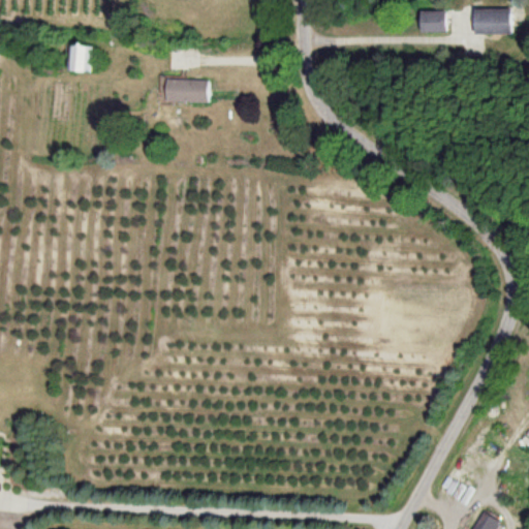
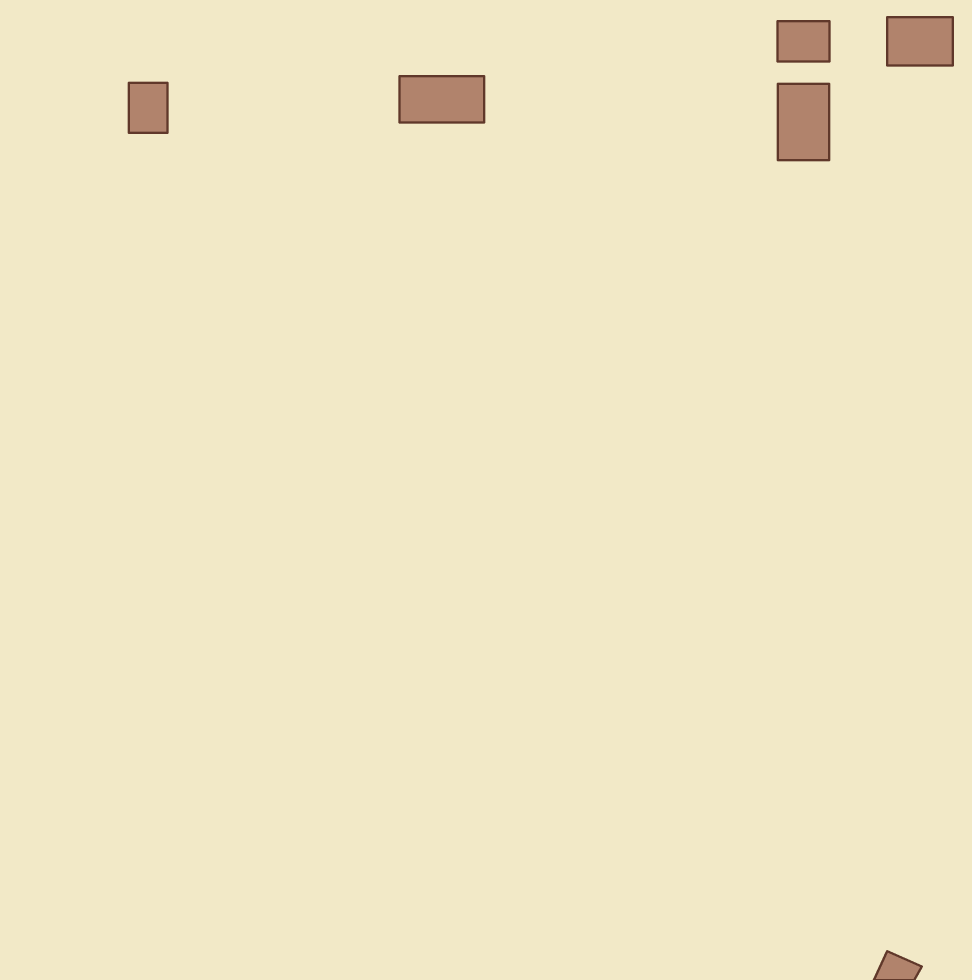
building: none -> [778,84,829,160]
building: [163,79,209,103] -> [399,76,484,122]

